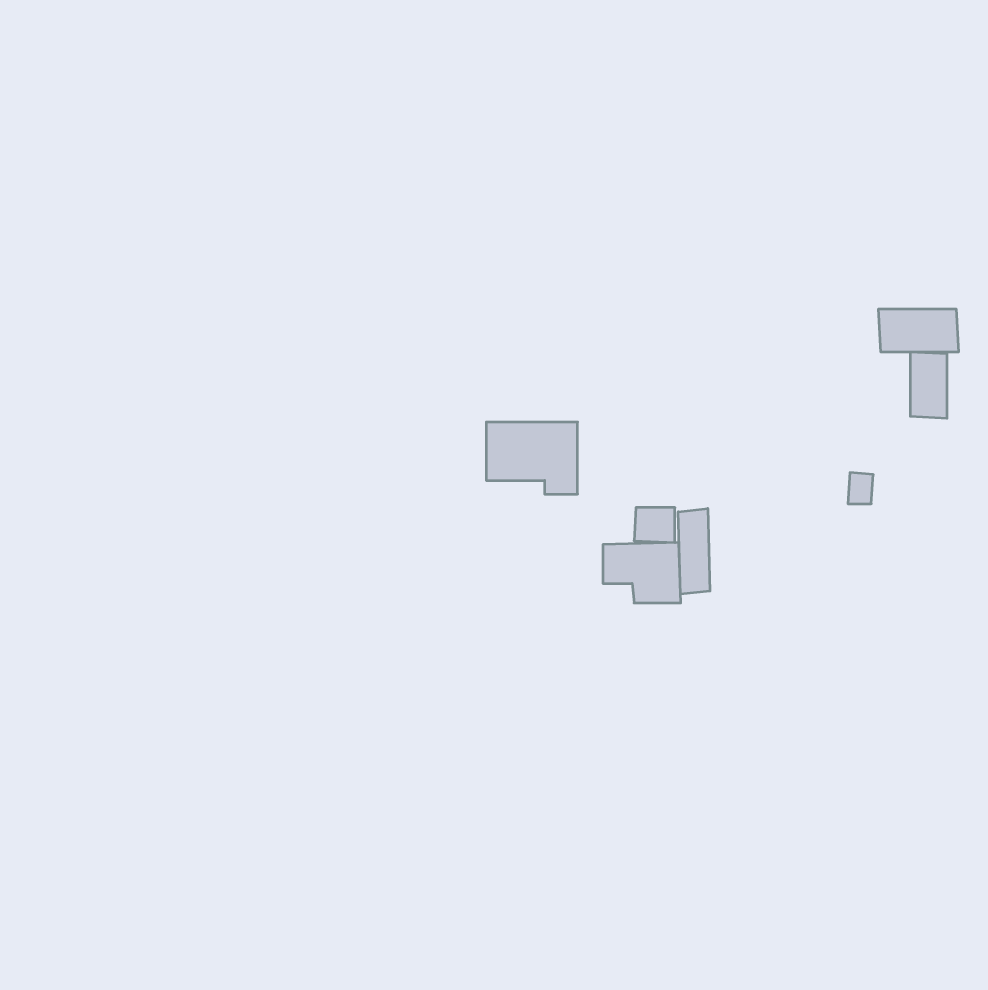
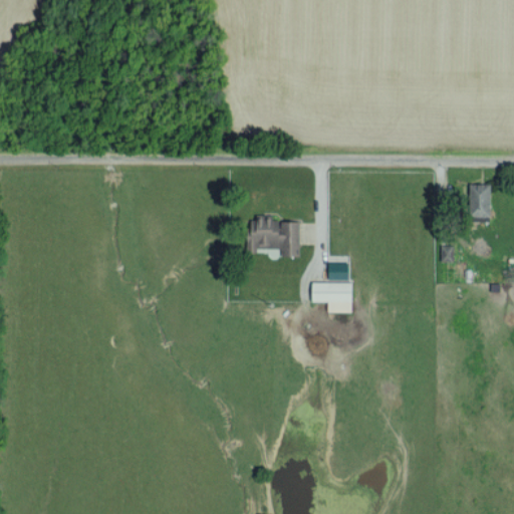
building: [879,309,958,352] -> none
building: [678,508,710,594] -> none

